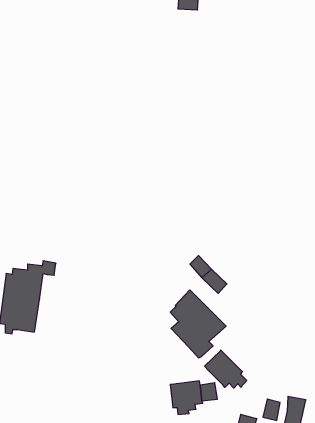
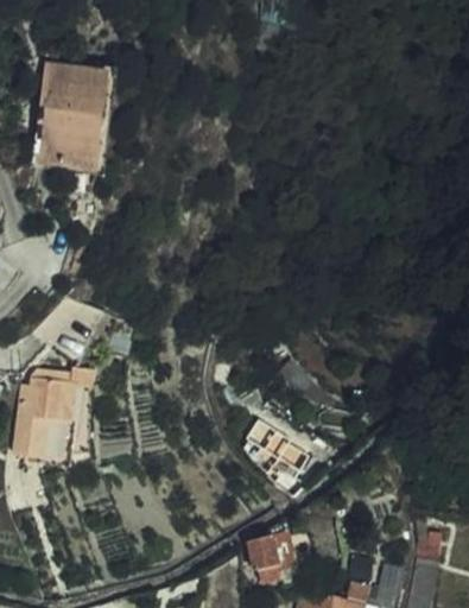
building: none -> [31,64,104,166]
building: [205,350,247,388] -> none

